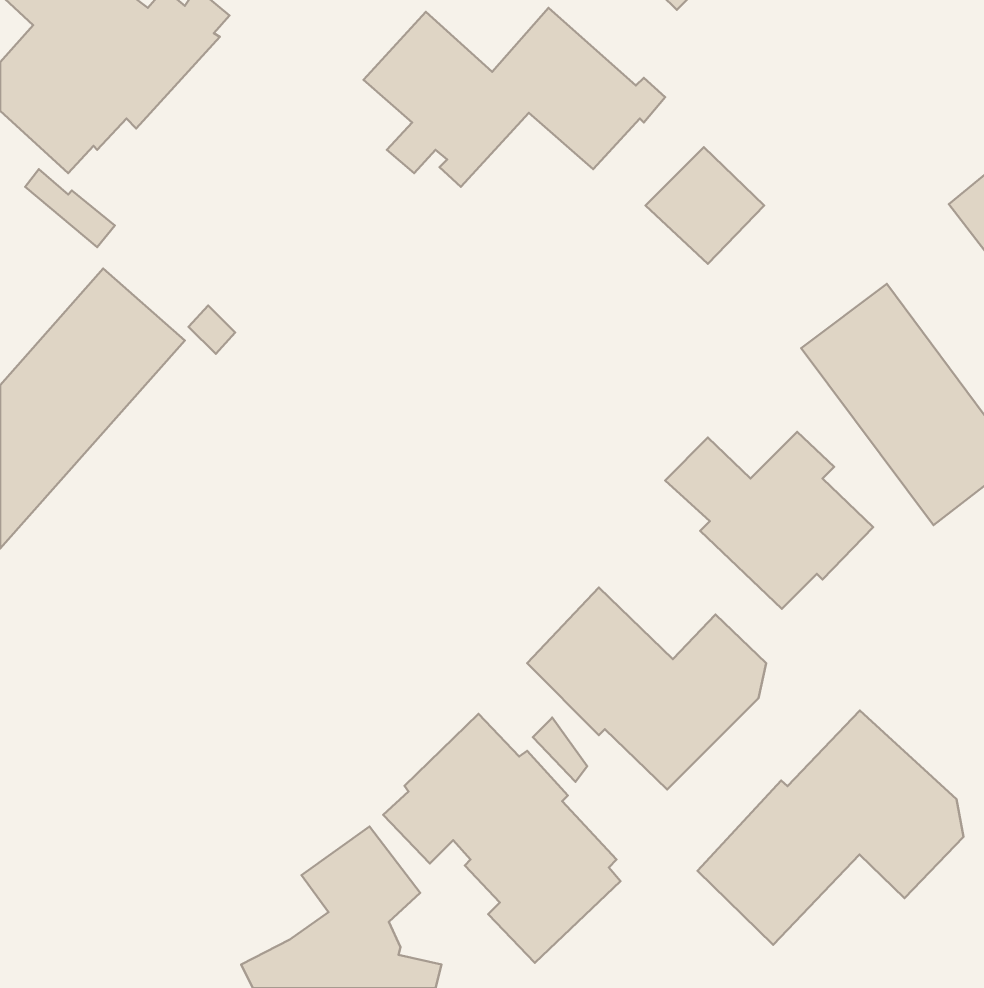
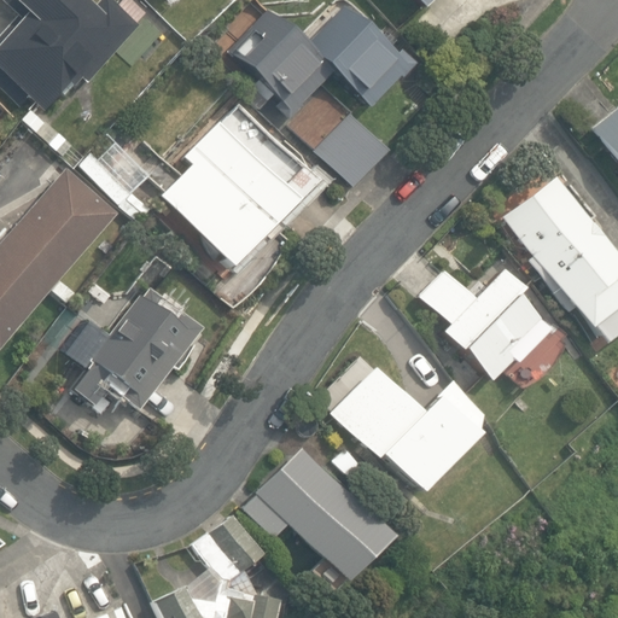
building: [646,147,764,264] -> [319,111,392,183]
building: none -> [161,100,320,267]
building: none -> [64,284,202,407]
building: [697,710,963,945] -> none

